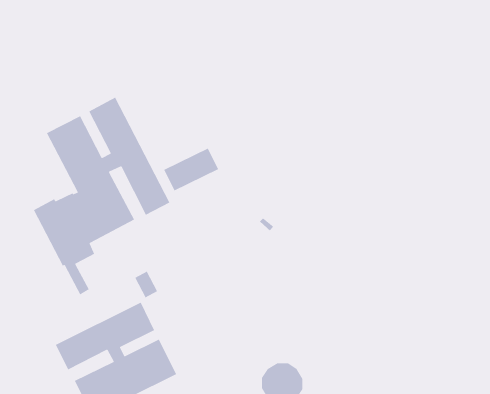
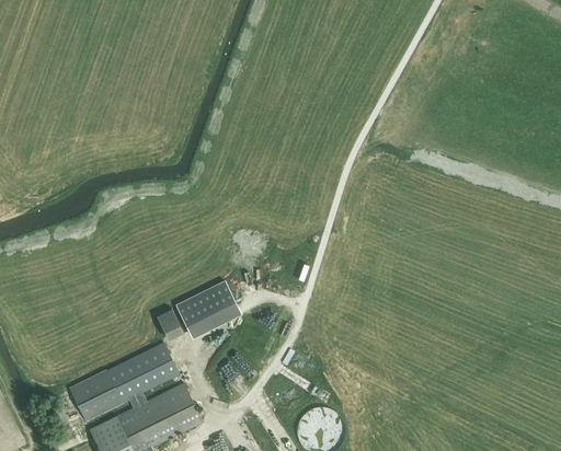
building: [33,97,171,295] -> none
building: [163,147,219,192] -> [175,281,237,329]

